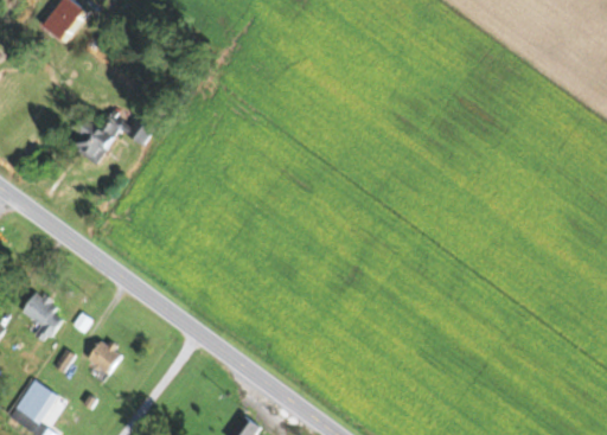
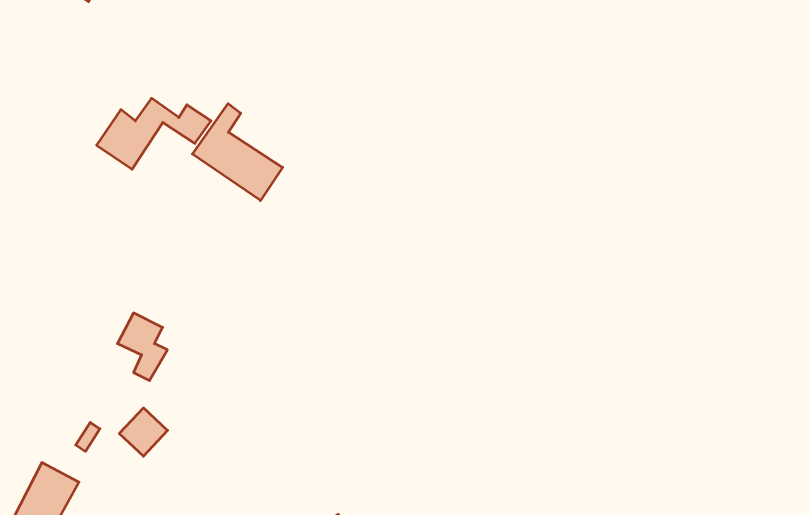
building: none -> [192,104,283,201]
building: [24,292,60,341] -> [117,313,167,381]

